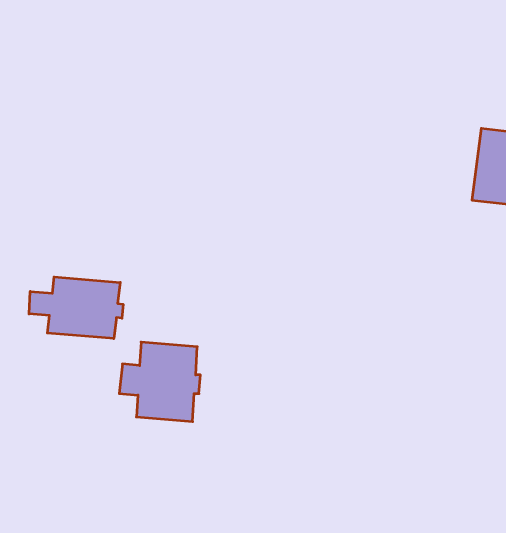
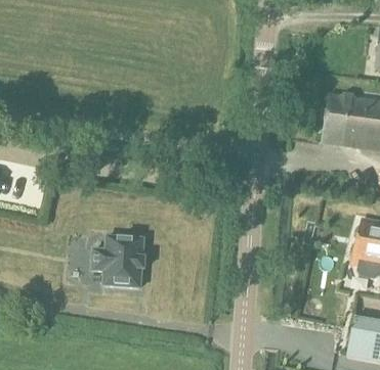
building: [29,277,123,339] -> none

